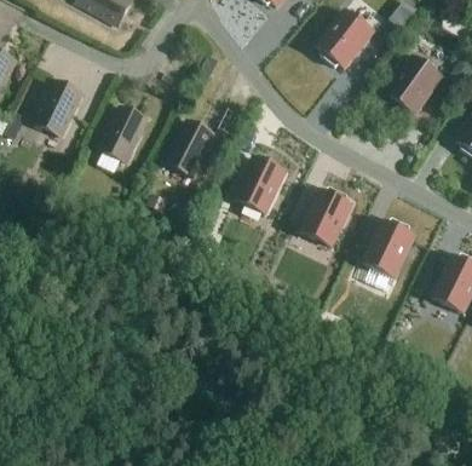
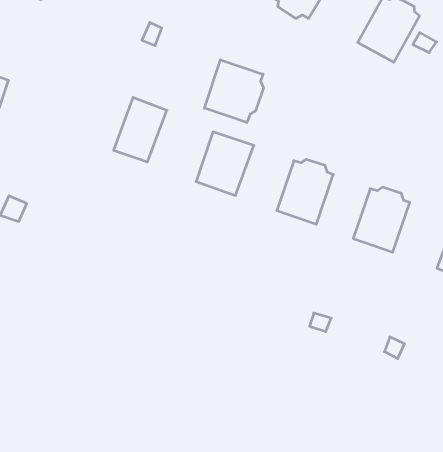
building: none -> [204,60,263,123]
building: [99,105,148,162] -> none

